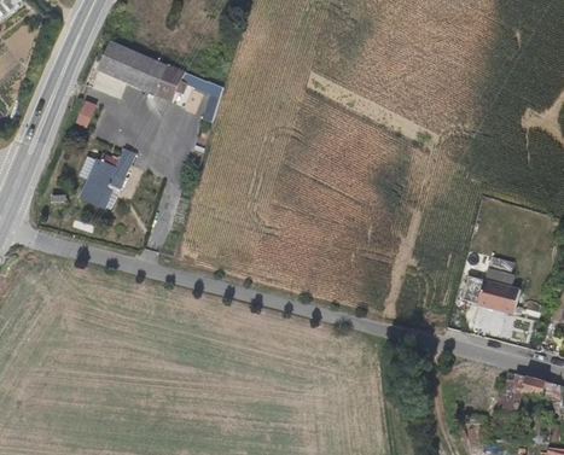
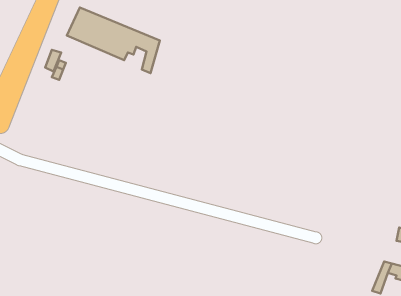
building: [85,156,129,209] -> none
building: [465,273,510,309] -> none

